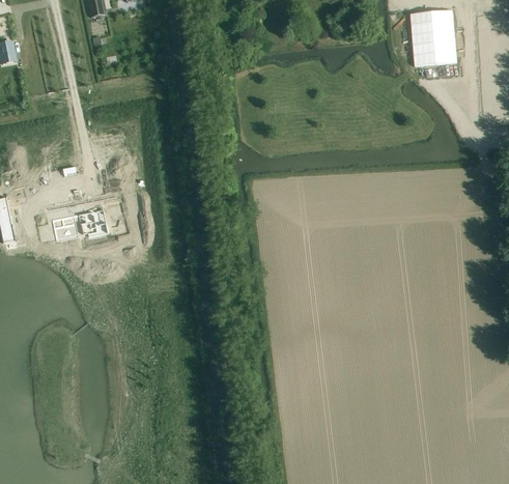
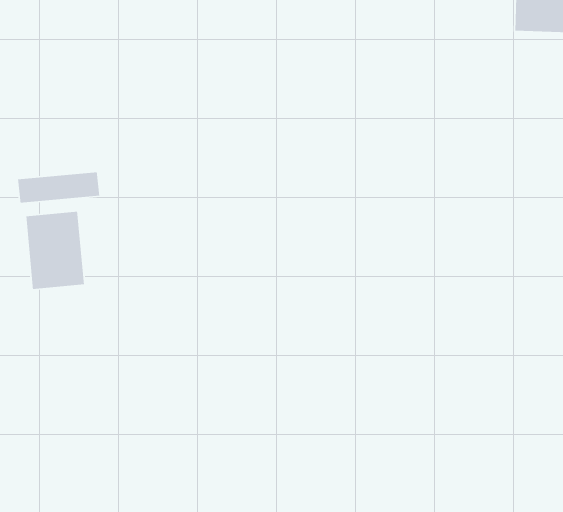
building: none -> [25,211,85,290]

